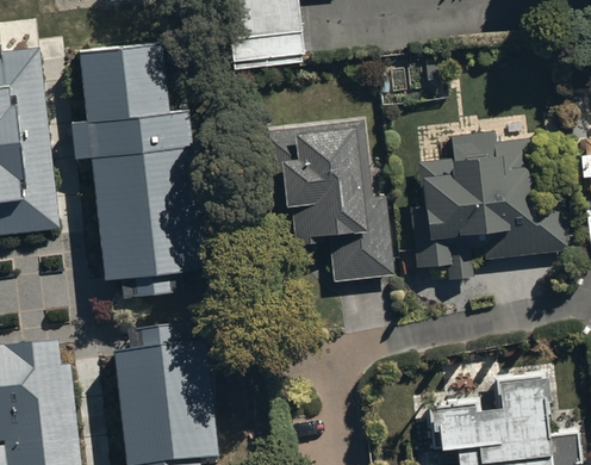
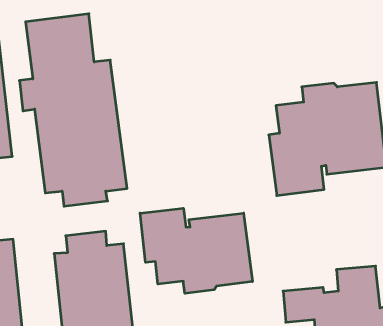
building: [263,118,391,284] -> none
building: none -> [140,208,252,293]

